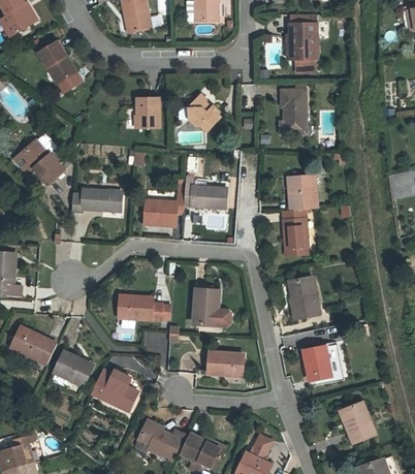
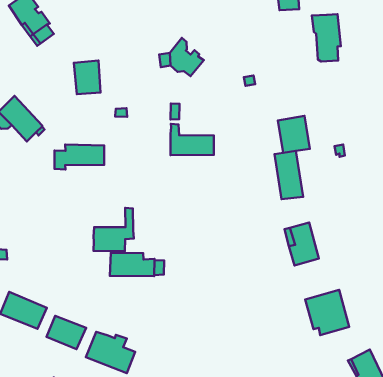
building: [281,89,307,133] -> [312,14,341,62]
building: [136,96,160,127] -> [74,60,101,94]
building: [145,183,185,224] -> [93,208,134,251]
building: [194,288,231,325] -> none
building: [209,351,243,375] -> none

